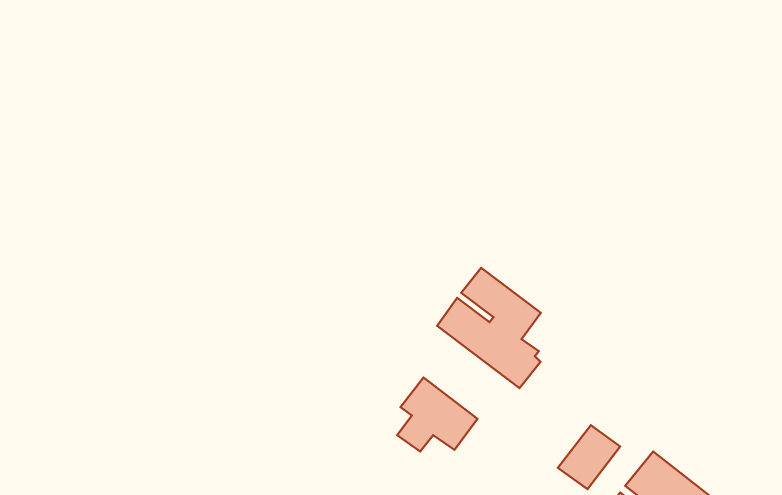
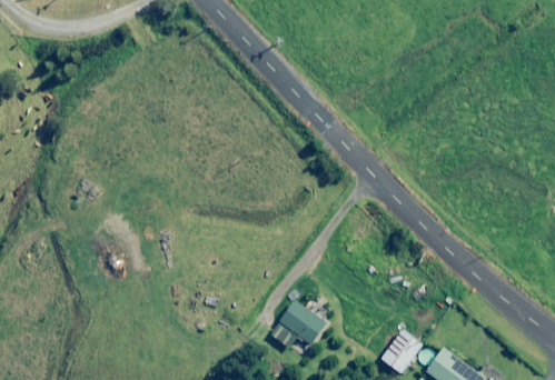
building: [437,268,541,388] -> none

